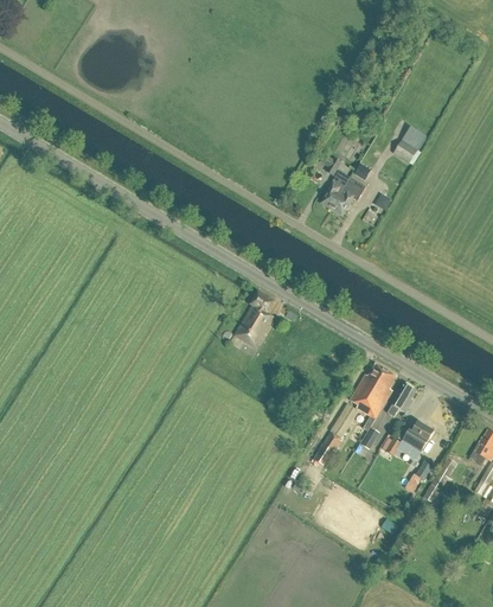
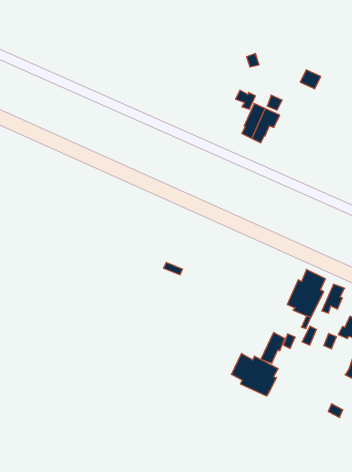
building: [235,292,273,347] -> none
building: none -> [232,353,278,396]

